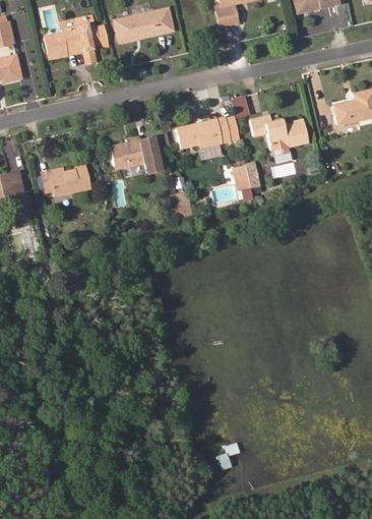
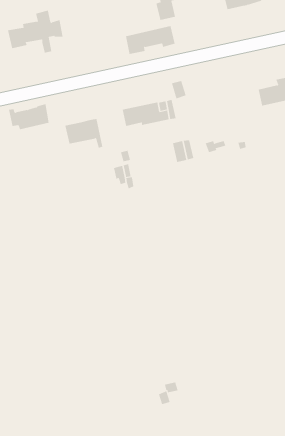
building: [115,8,173,42] -> [125,25,176,55]
building: [256,115,309,150] -> none
building: [42,165,89,195] -> [8,103,50,130]

